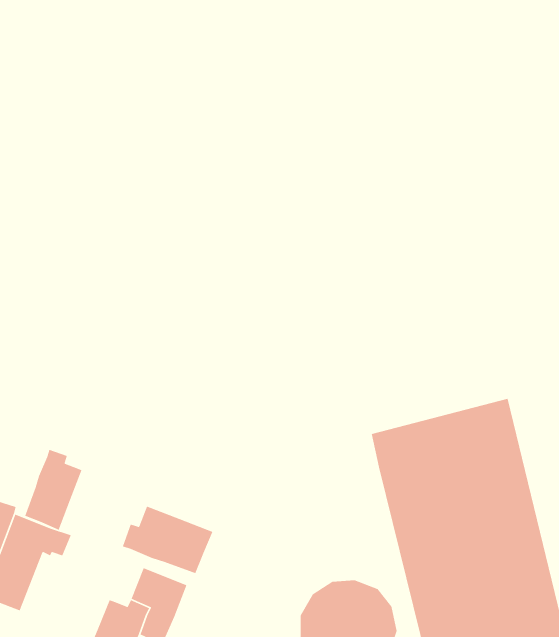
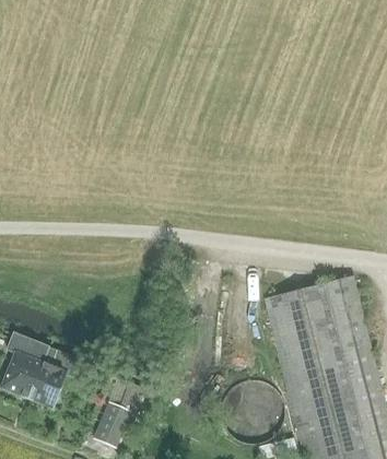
building: [24,449,82,531] -> none
building: [122,506,214,574] -> none

